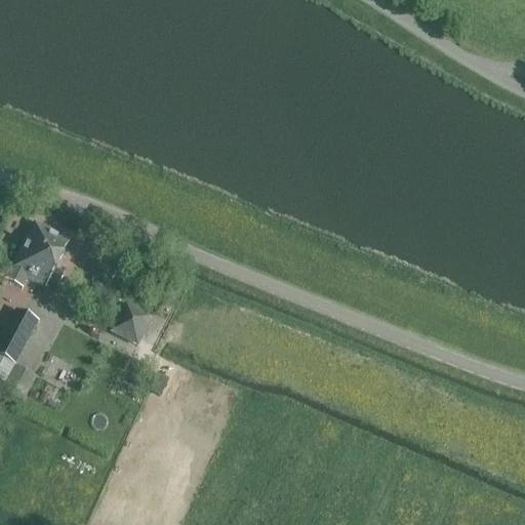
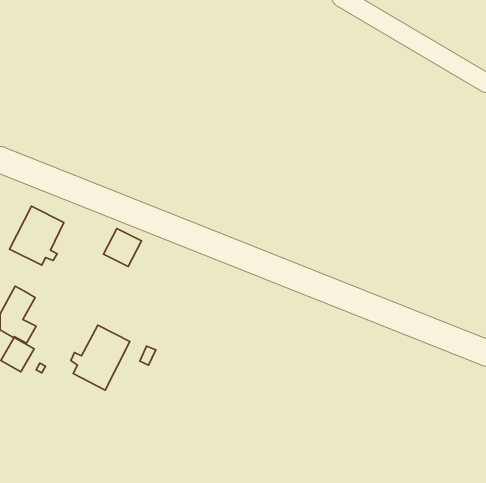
building: [111,304,152,345] -> [104,229,142,267]
building: none -> [71,325,130,390]

